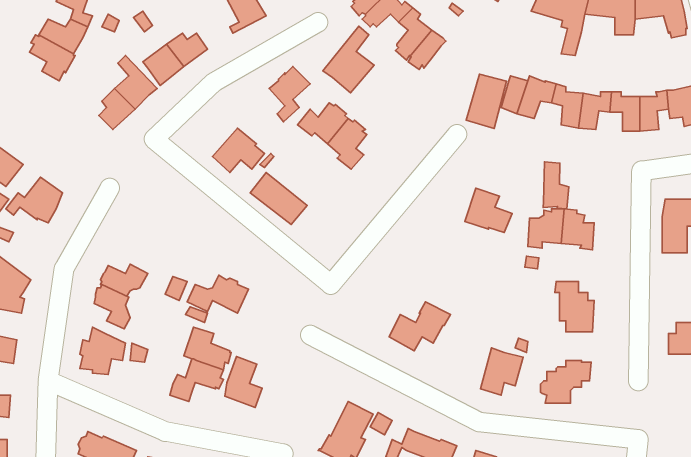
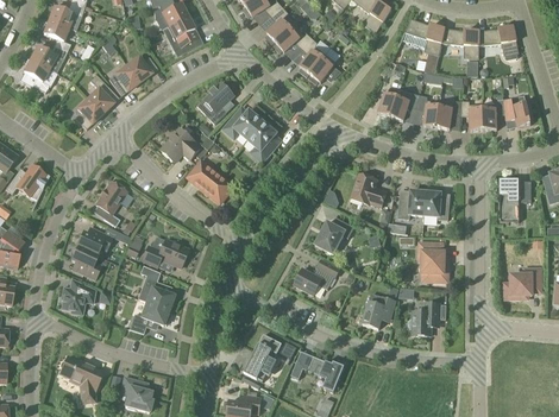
building: [323,26,374,93] -> none
building: [466,74,507,128] -> none
building: [543,162,569,209] -> none
building: none -> [95,181,126,226]
building: none -> [315,217,354,254]
building: [225,357,262,407] -> none

